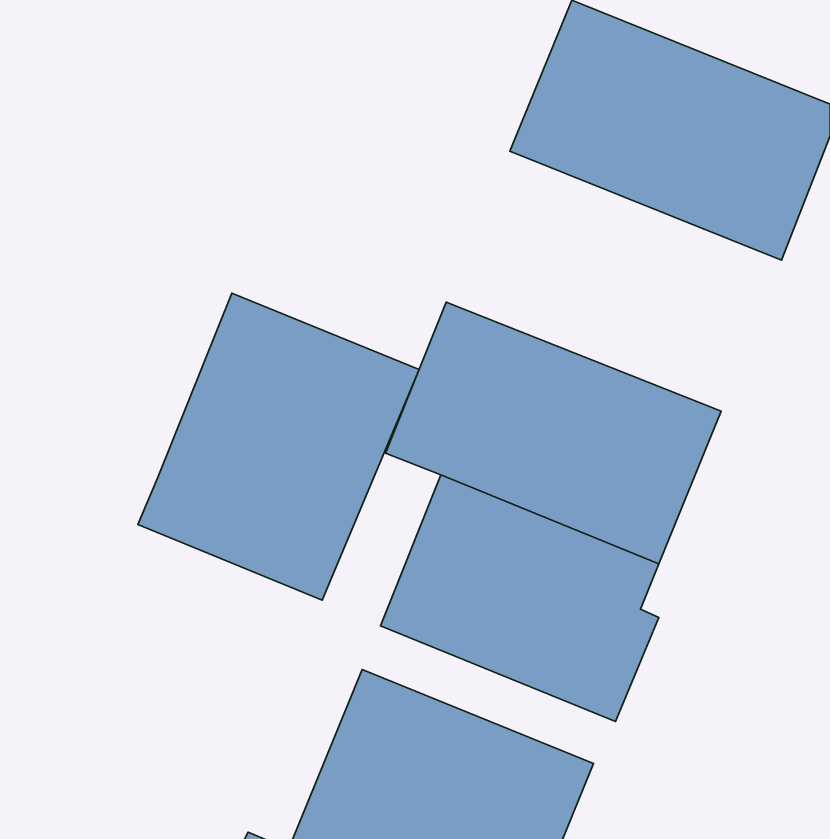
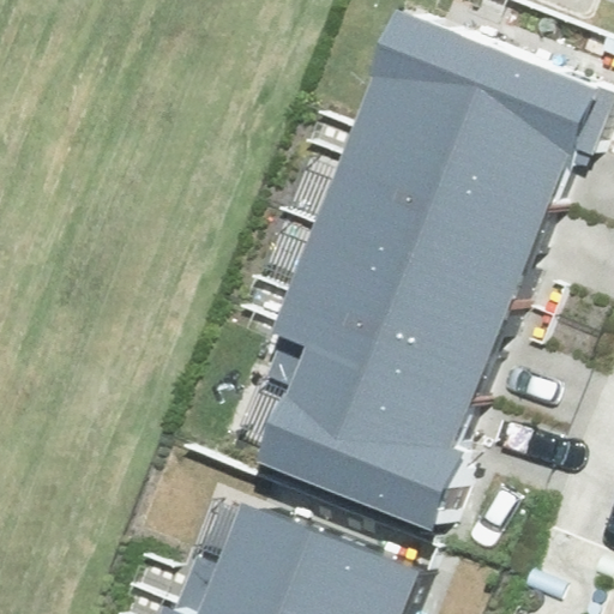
building: none -> [319,121,559,307]
building: [138,293,419,600] -> none

